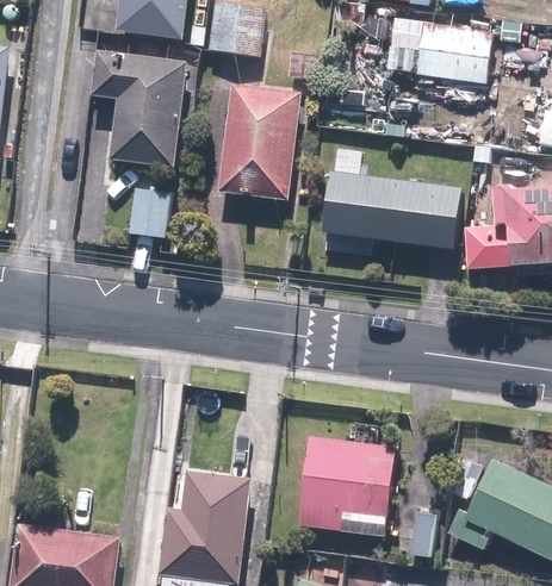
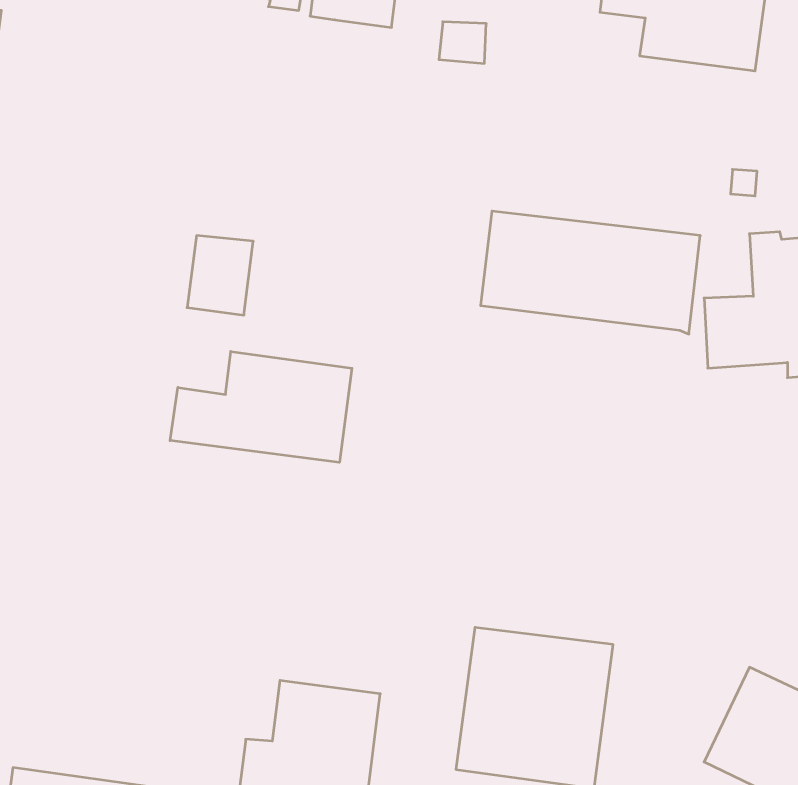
building: [92,48,190,167] -> none
building: [217,82,303,200] -> none
building: none -> [170,351,352,462]

